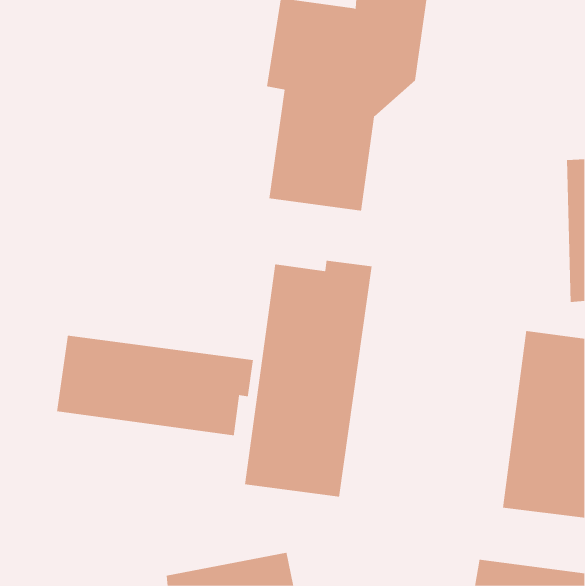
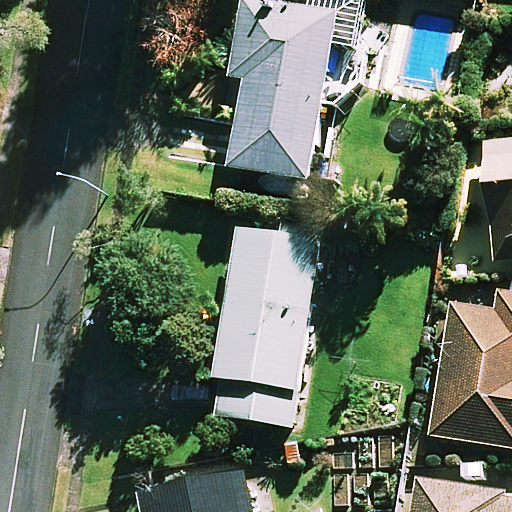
building: [57,335,254,436] -> none

